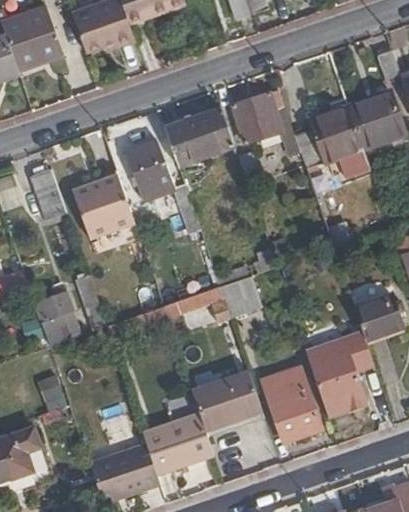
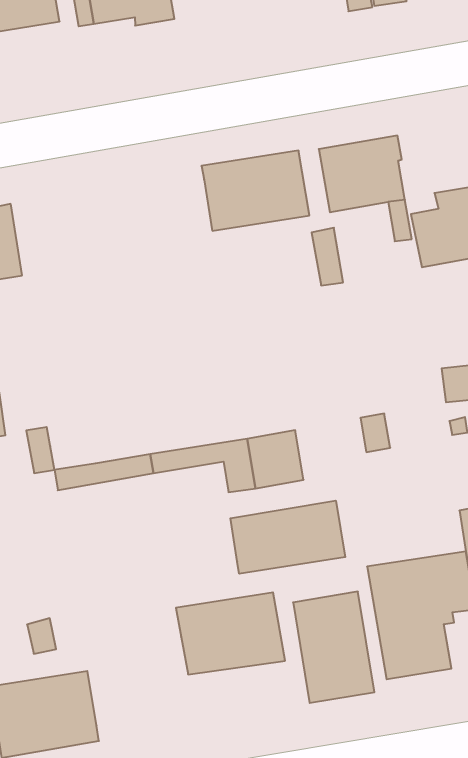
building: [126,135,202,241] -> none
building: [72,175,134,239] -> none
building: none -> [230,501,345,574]
building: [142,413,214,475] -> none

